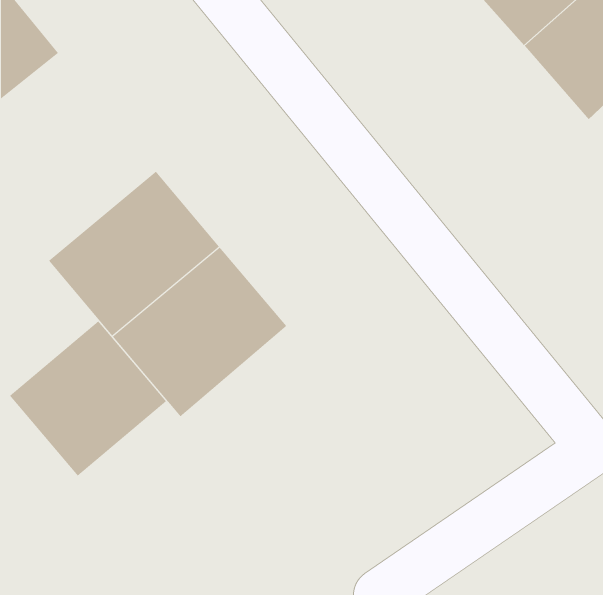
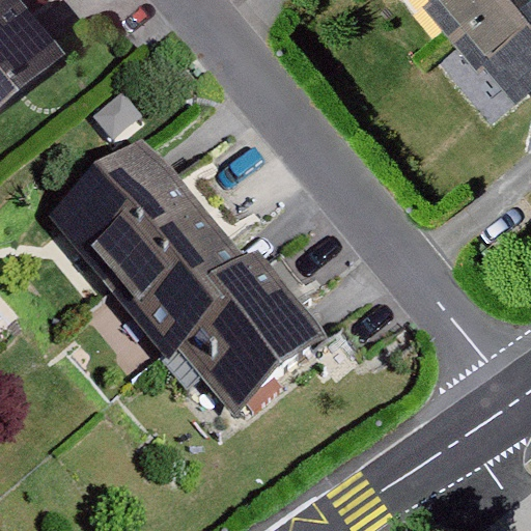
building: none -> [178,275,322,416]
building: [9,320,167,476] -> none

